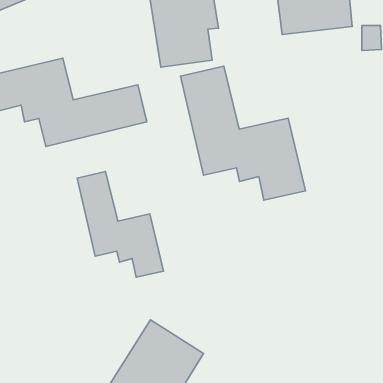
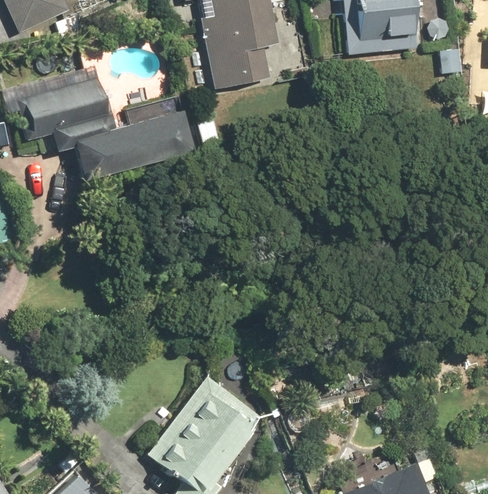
building: [181,66,305,200] -> none
building: [77,171,163,277] -> none

